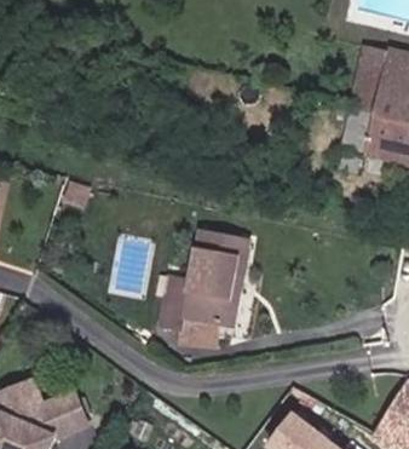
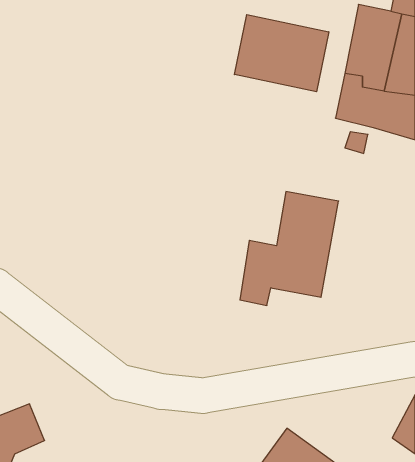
building: none -> [234,15,329,92]
building: [159,232,247,334] -> [240,192,339,305]

